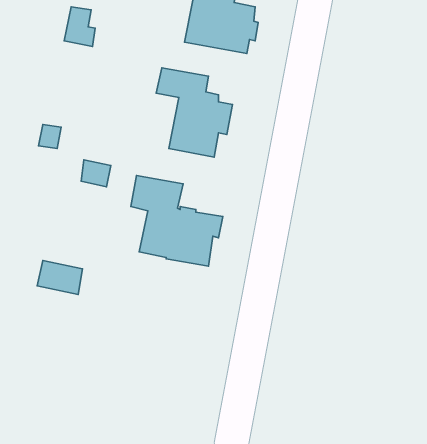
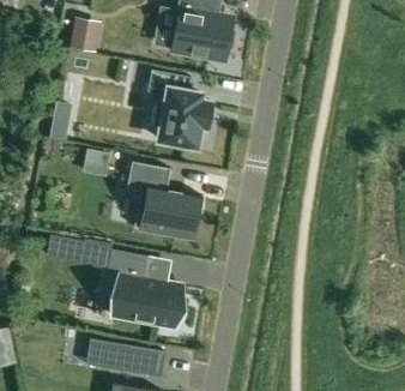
building: none -> [107,249,182,326]
building: none -> [85,338,165,377]

